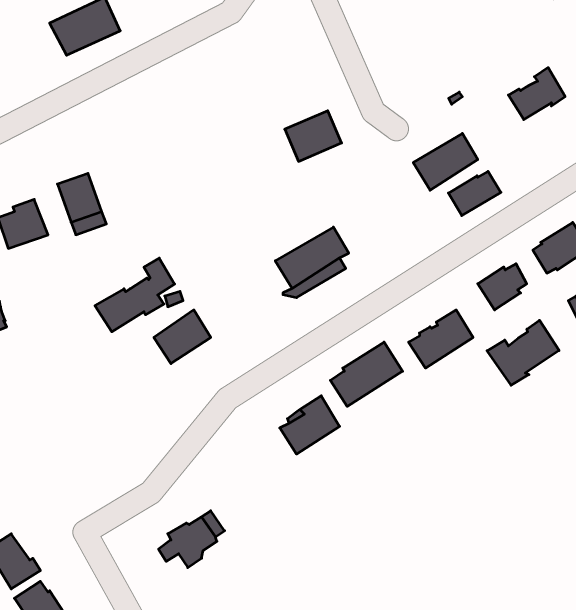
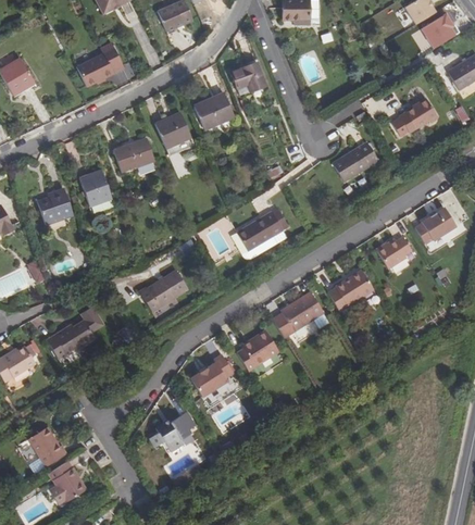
building: none -> [232,63,265,95]
building: none -> [155,113,193,154]
building: [285,111,342,161] -> [193,93,234,129]
building: none -> [114,139,153,171]
building: [448,171,501,216] -> none
building: [95,258,175,332] -> [46,305,102,358]
building: [487,320,559,385] -> none
building: none -> [191,353,234,396]

